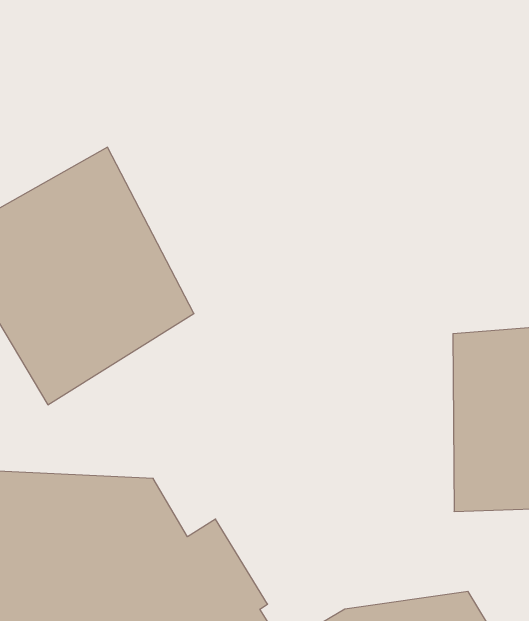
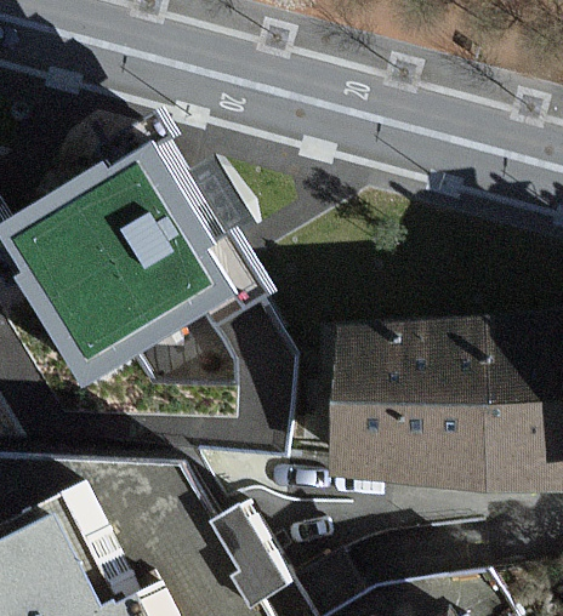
building: none -> [319,324,471,494]

